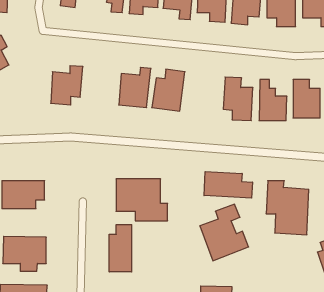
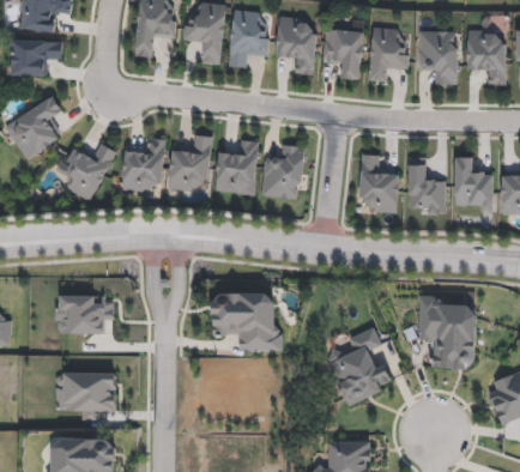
building: none -> [168,134,211,192]
building: none -> [61,141,115,201]
building: [204,172,252,198] -> none
building: [109,225,132,272] -> none

